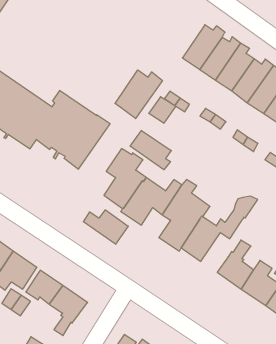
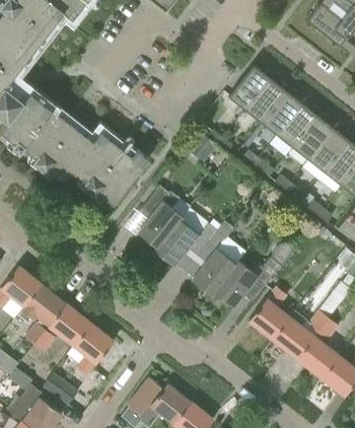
building: [115,70,162,119] -> none
building: [130,130,171,170] -> none
building: [83,210,128,244] -> none

